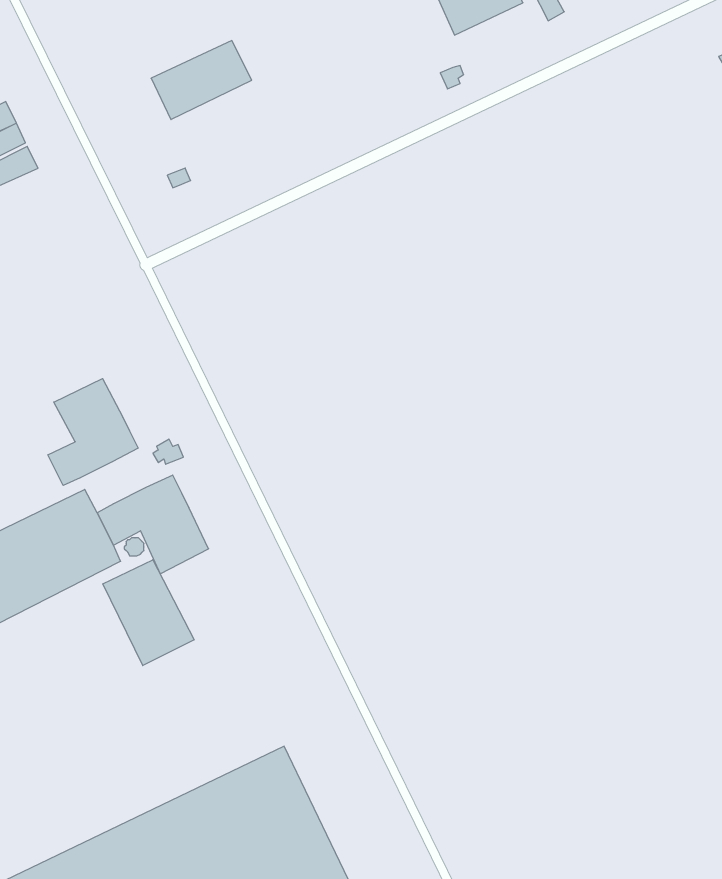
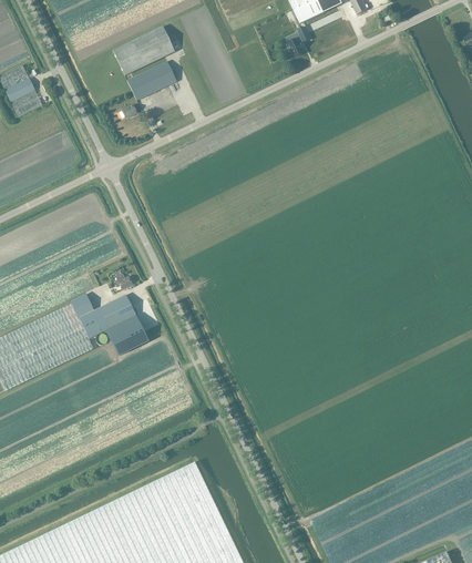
building: none -> [126,61,176,101]
building: [48,379,138,485] -> none
building: [103,560,194,666] -> none

